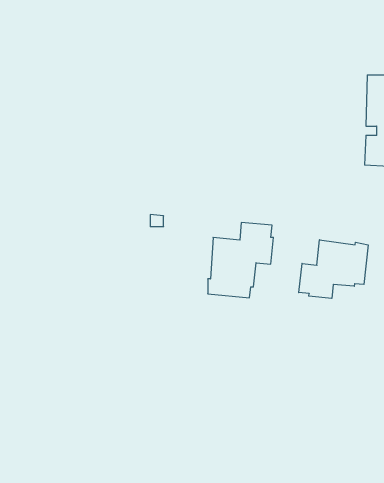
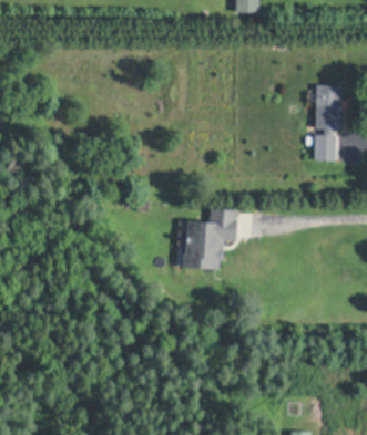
building: [299,240,368,298] -> none

